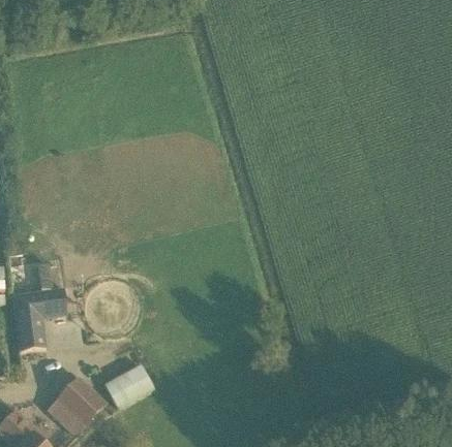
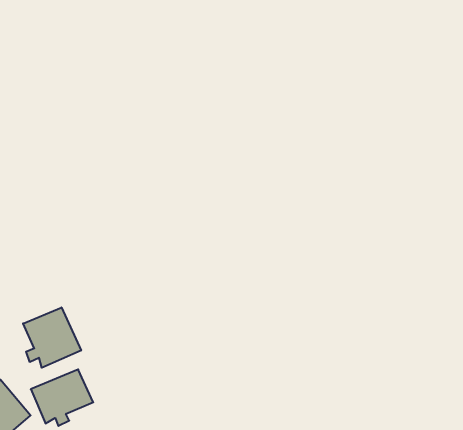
building: none -> [23,307,81,368]

